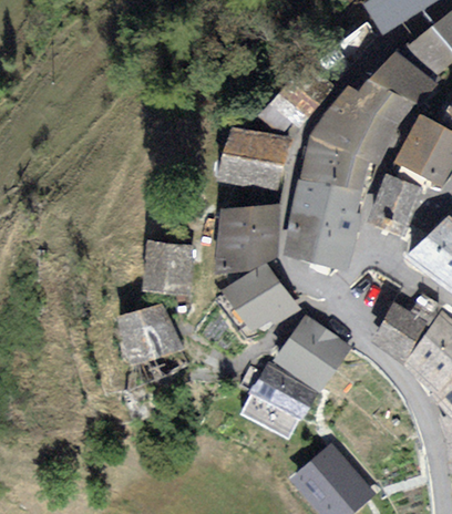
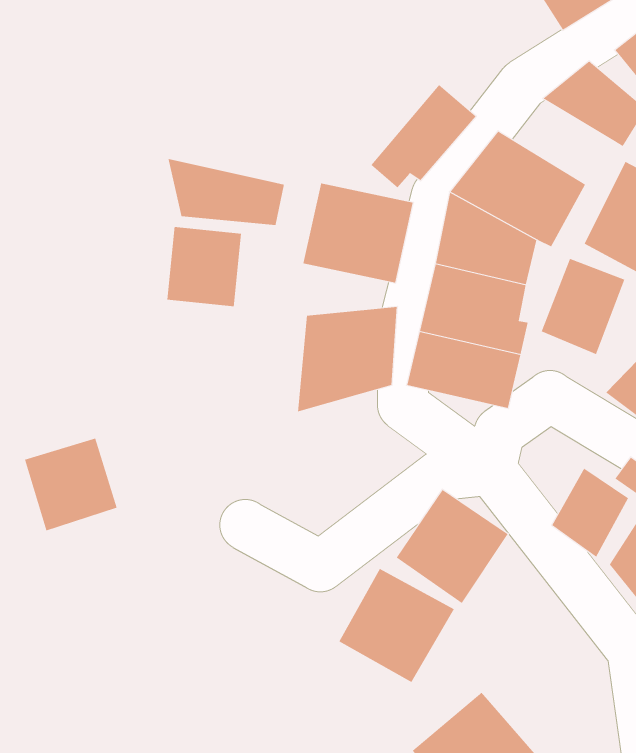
building: [341,74,413,127] -> none
building: none -> [168,158,285,226]
building: [145,240,192,290] -> [167,226,242,307]
building: [222,261,297,332] -> none
building: [119,302,176,360] -> [24,438,117,531]

